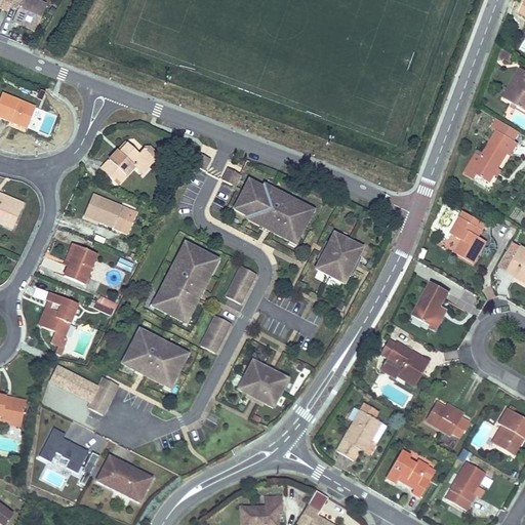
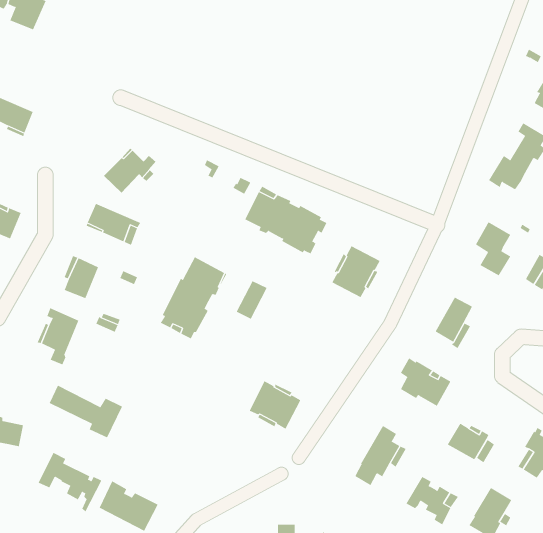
building: [201,315,230,352] -> none
building: [122,329,187,386] -> none

